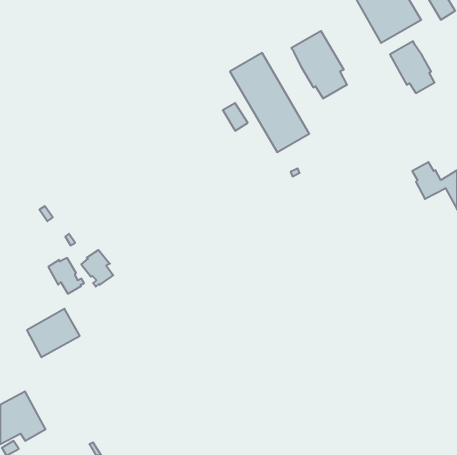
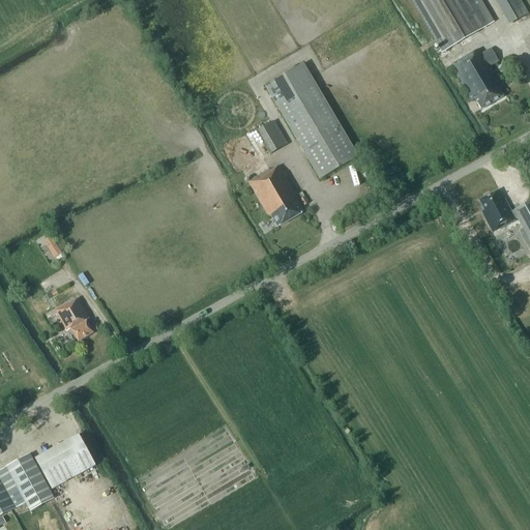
building: [291,31,347,99] -> none
building: none -> [248,164,304,225]
building: [81,250,113,287] -> none
building: [27,309,80,357] -> [34,433,95,489]

